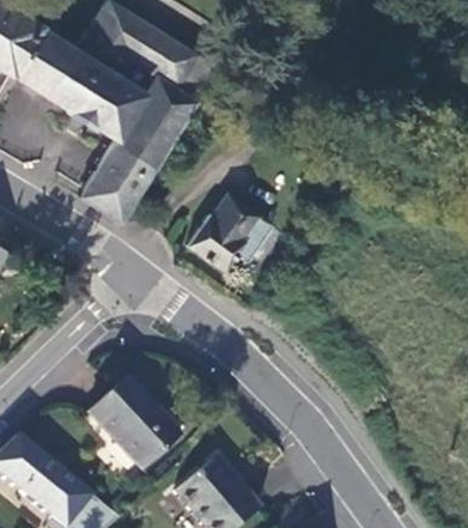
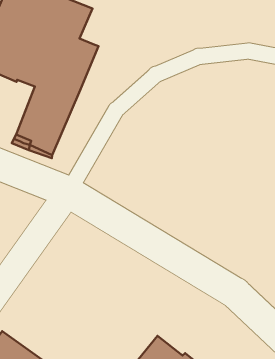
building: [188,194,274,269] -> none
building: [89,378,178,471] -> none

